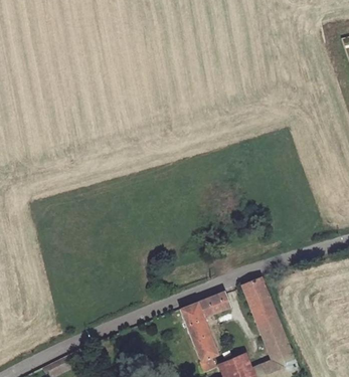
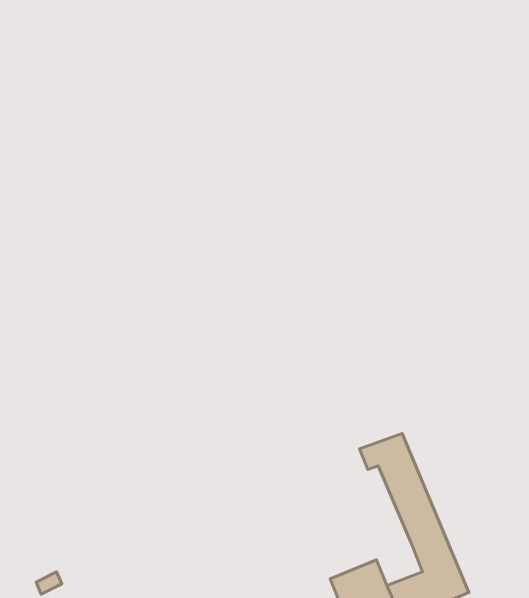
building: [180,292,228,370] -> none

